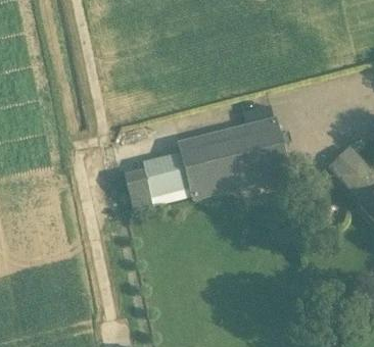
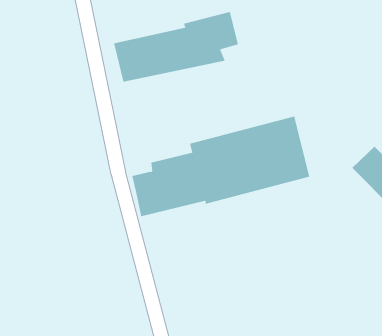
building: none -> [113,11,239,82]

